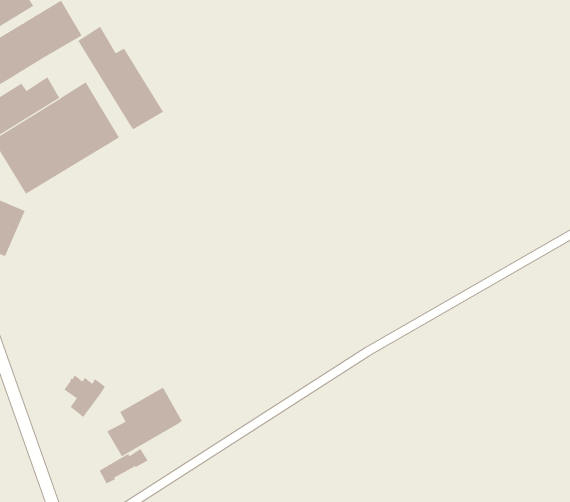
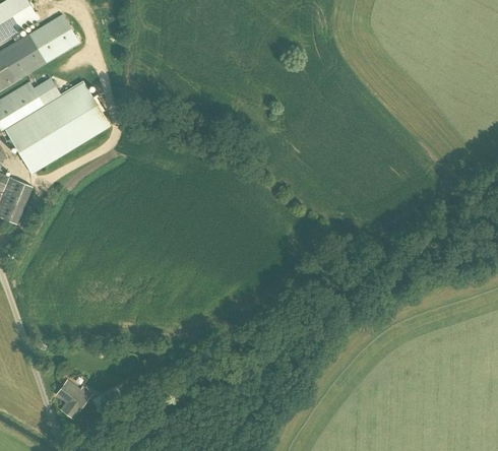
building: [78,26,164,130] -> none
building: [63,374,106,418] -> [56,383,90,418]
building: [106,387,183,457] -> none

